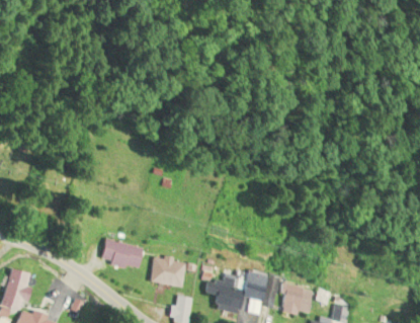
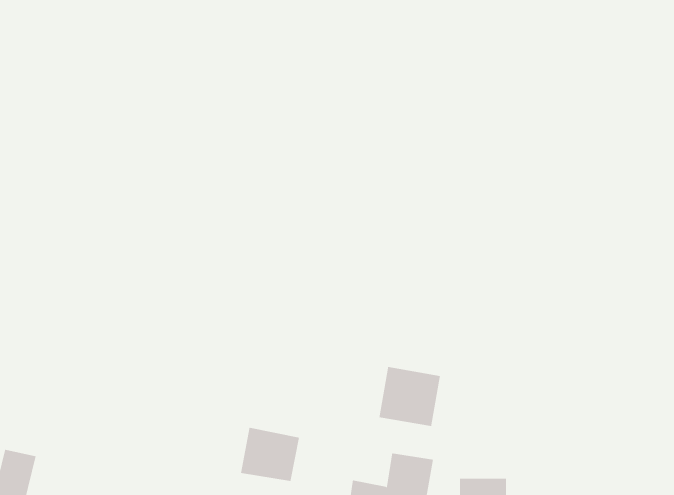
building: none -> [379,366,440,427]
building: [101,238,144,269] -> none

